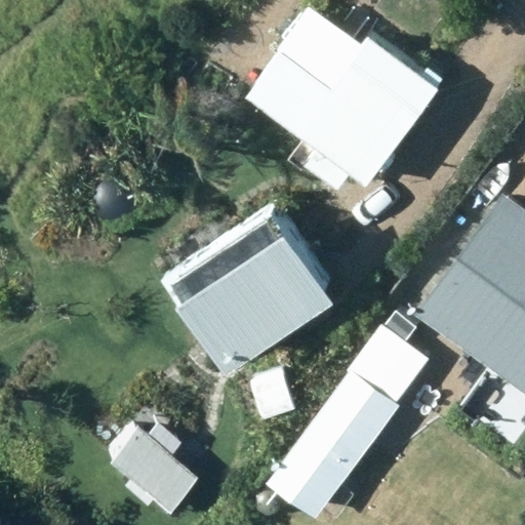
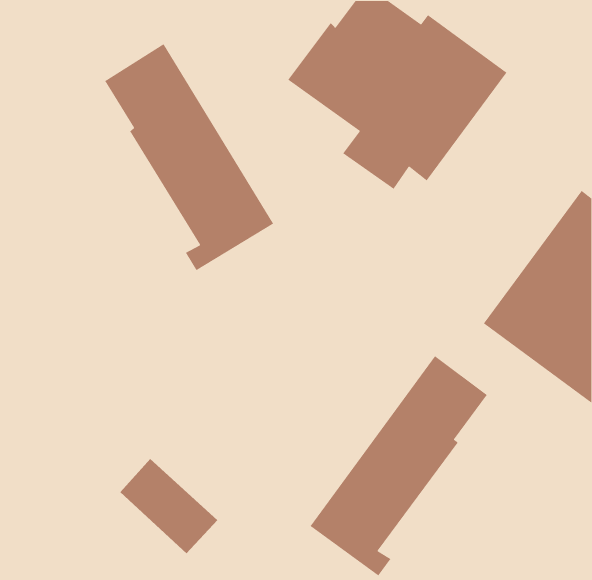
building: none -> [104,43,274,271]
building: [176,214,326,353] -> none

